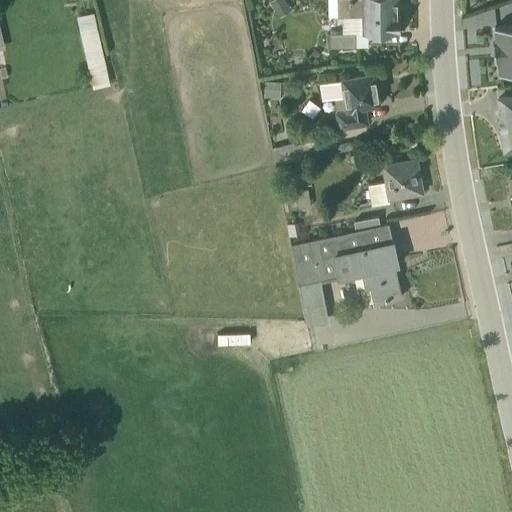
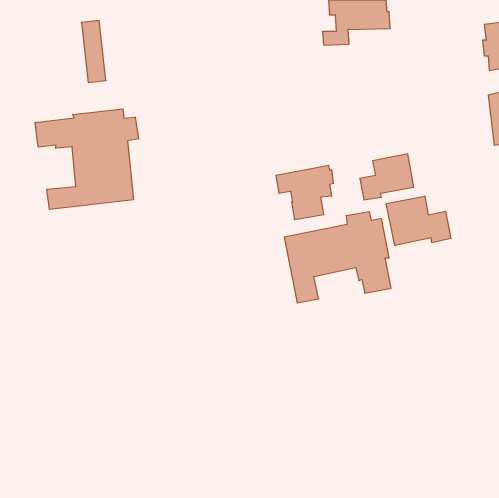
building: [321,76,380,131] -> [276,166,334,220]
building: none -> [35,109,139,209]
building: none -> [386,196,451,246]

